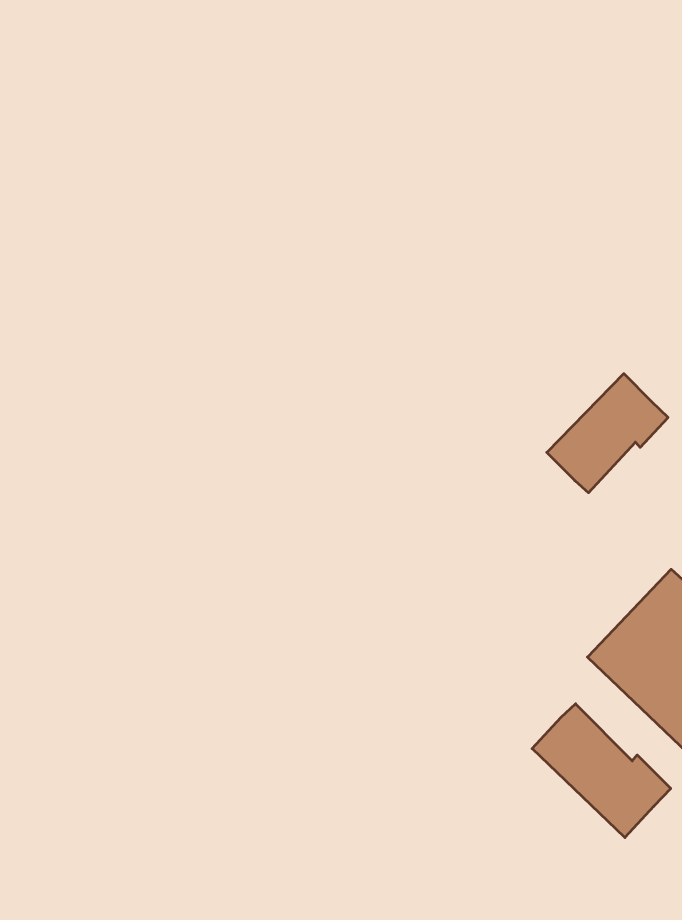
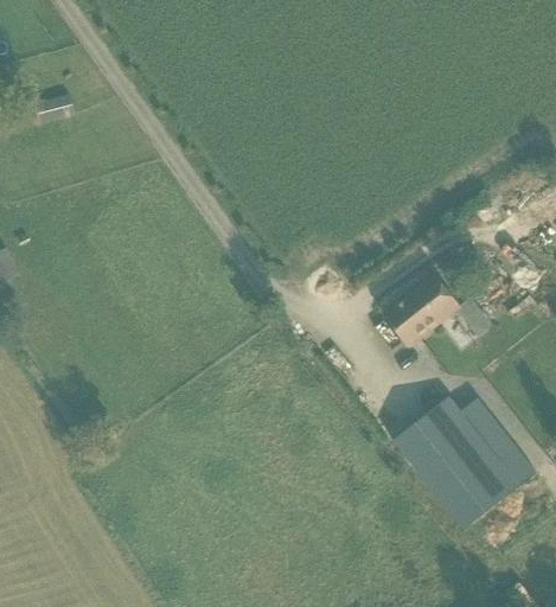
building: [532,704,671,838] -> none

